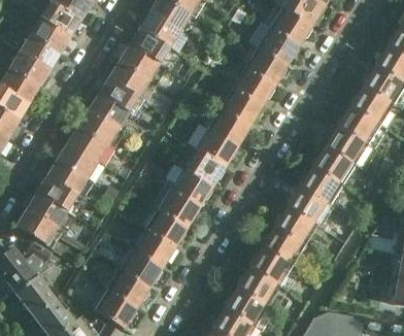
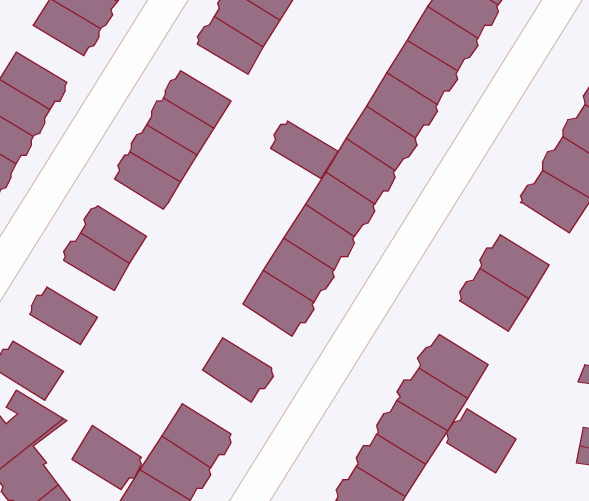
building: [29,19,70,54] -> none
building: [129,30,170,65] -> [271,121,338,179]
building: [78,112,119,147] -> none
building: [324,127,366,165] -> none
building: [47,162,89,197] -> none
building: [287,187,329,226] -> [447,409,516,473]
building: [155,189,198,228] -> none
building: [27,195,68,230] -> none
building: [130,229,172,268] -> [72,425,141,490]

